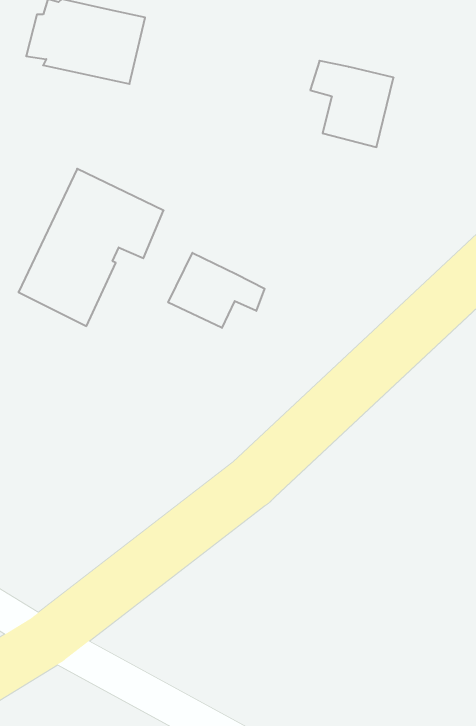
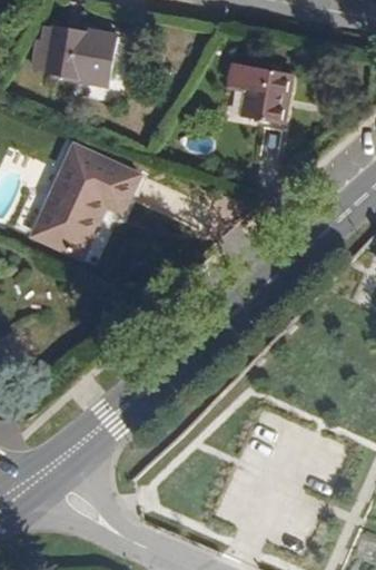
building: [168,253,265,328] -> none

